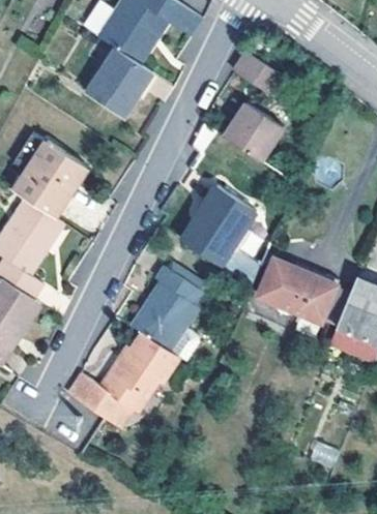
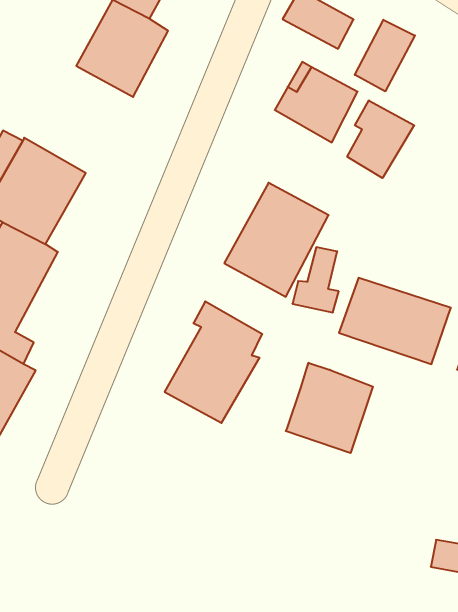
building: none -> [355,20,415,91]
building: none -> [347,100,414,178]
building: none -> [286,363,373,453]
building: [67,332,179,428] -> none

